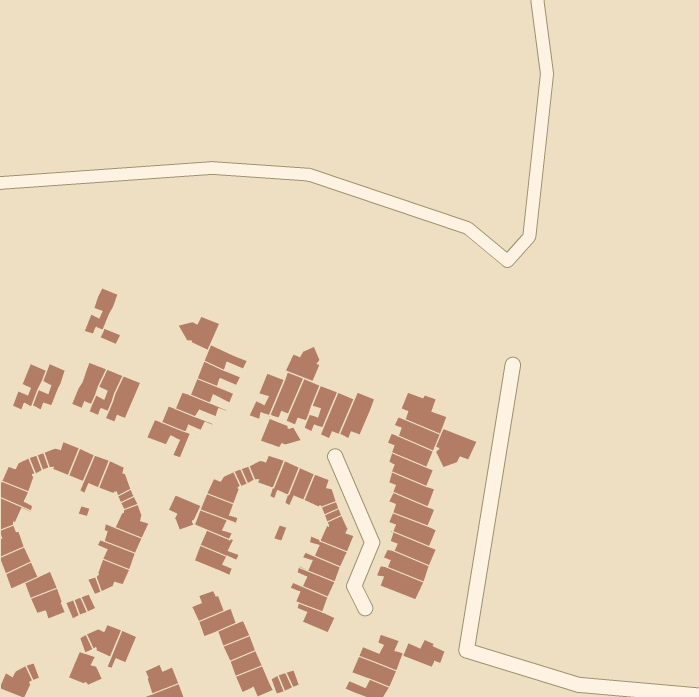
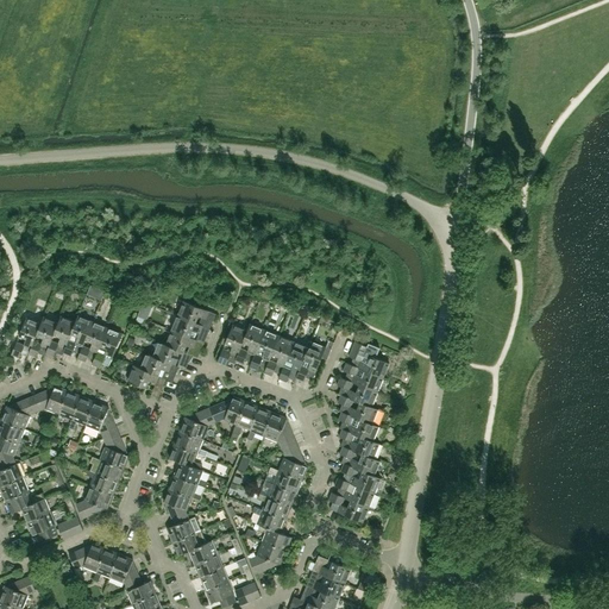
building: [83,288,118,334] -> [44,316,75,357]
building: [178,316,220,351] -> none
building: [285,346,320,381] -> none
building: [260,418,302,448] -> none
building: [435,429,477,468] -> none
building: [168,495,201,530] -> [163,489,192,520]
building: none -> [250,542,285,573]
building: [402,639,445,667] -> none
building: [68,651,102,686] -> [109,555,139,585]

